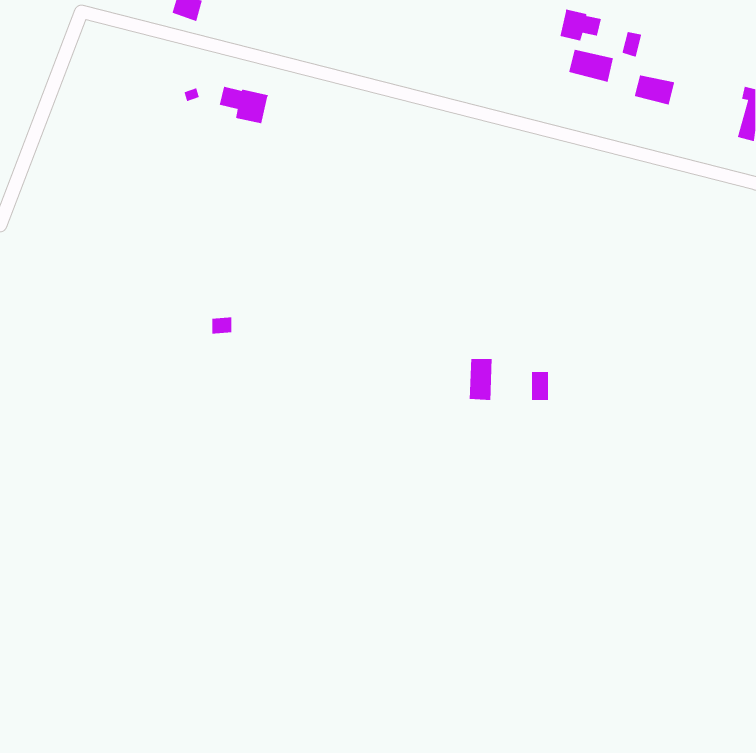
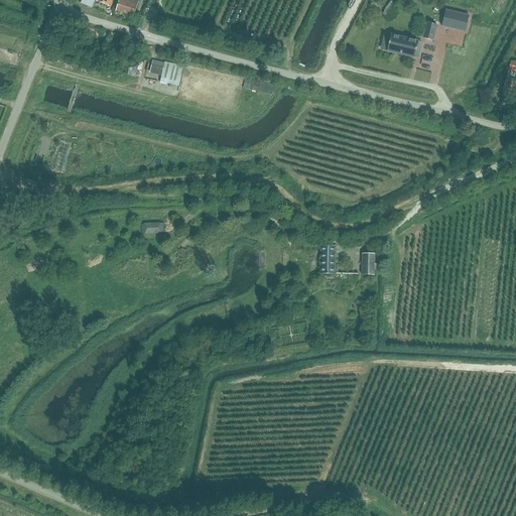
building: [559,9,602,41] -> none
building: [634,74,675,105] -> [441,9,470,30]

